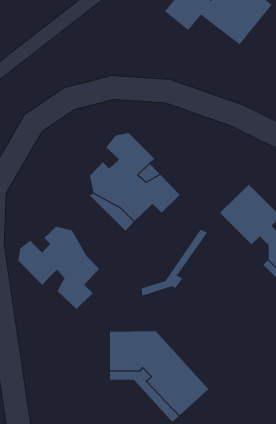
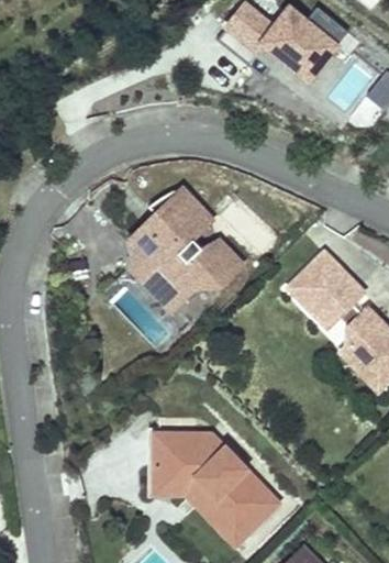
building: [18,226,100,310] -> none
building: [141,229,208,296] -> none

